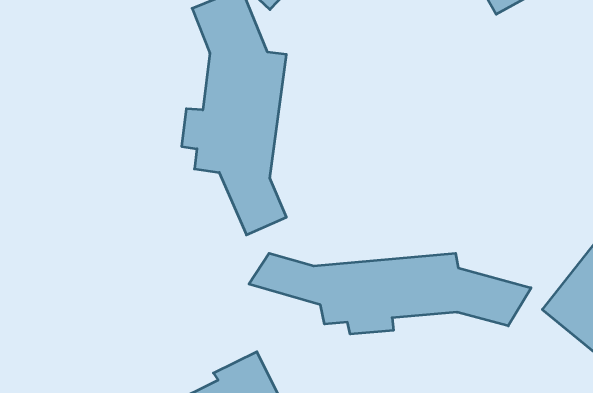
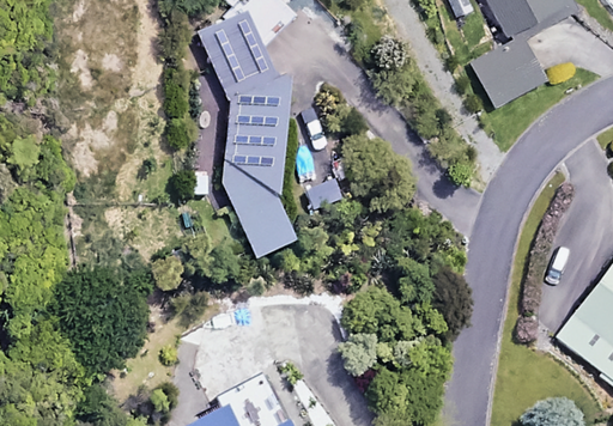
building: none -> [468,36,546,109]
building: [249,253,531,334] -> none

